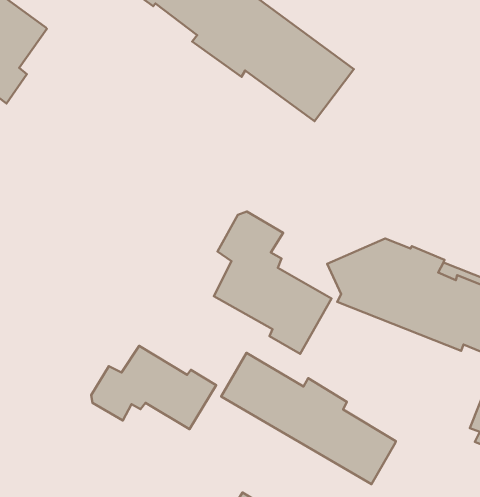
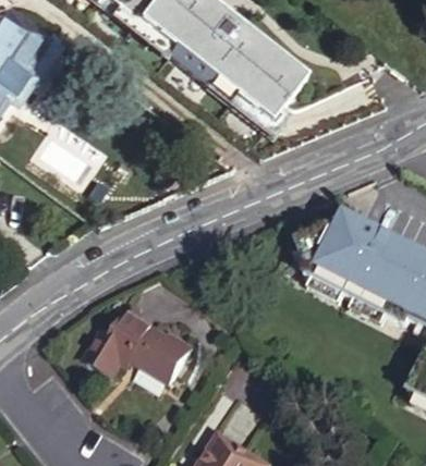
building: [214,212,332,354] -> none
building: [221,353,396,484] -> none

